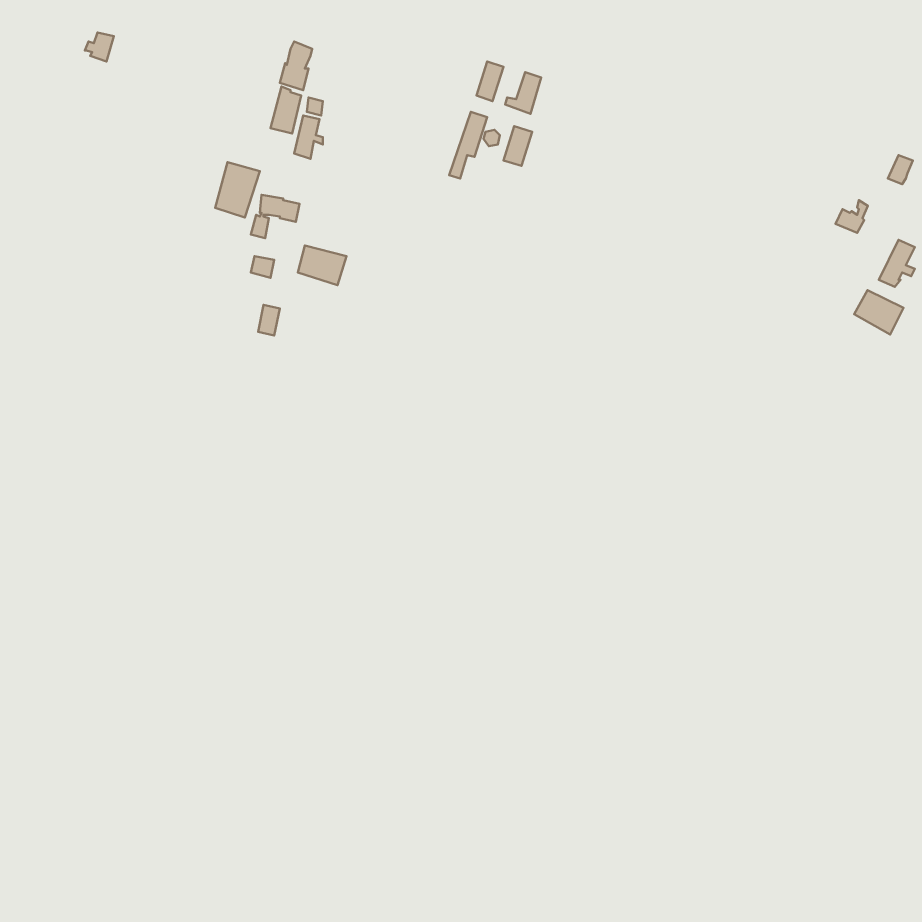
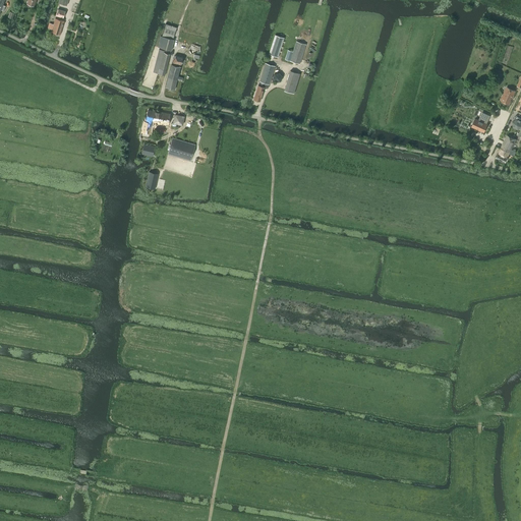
building: [215,162,260,217] -> none
building: [854,290,903,334] -> none

